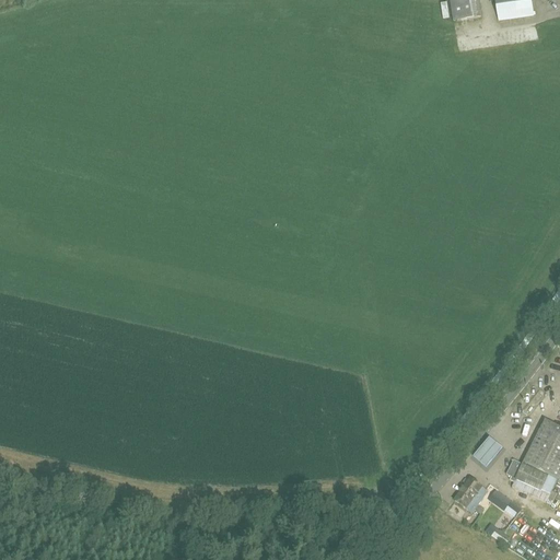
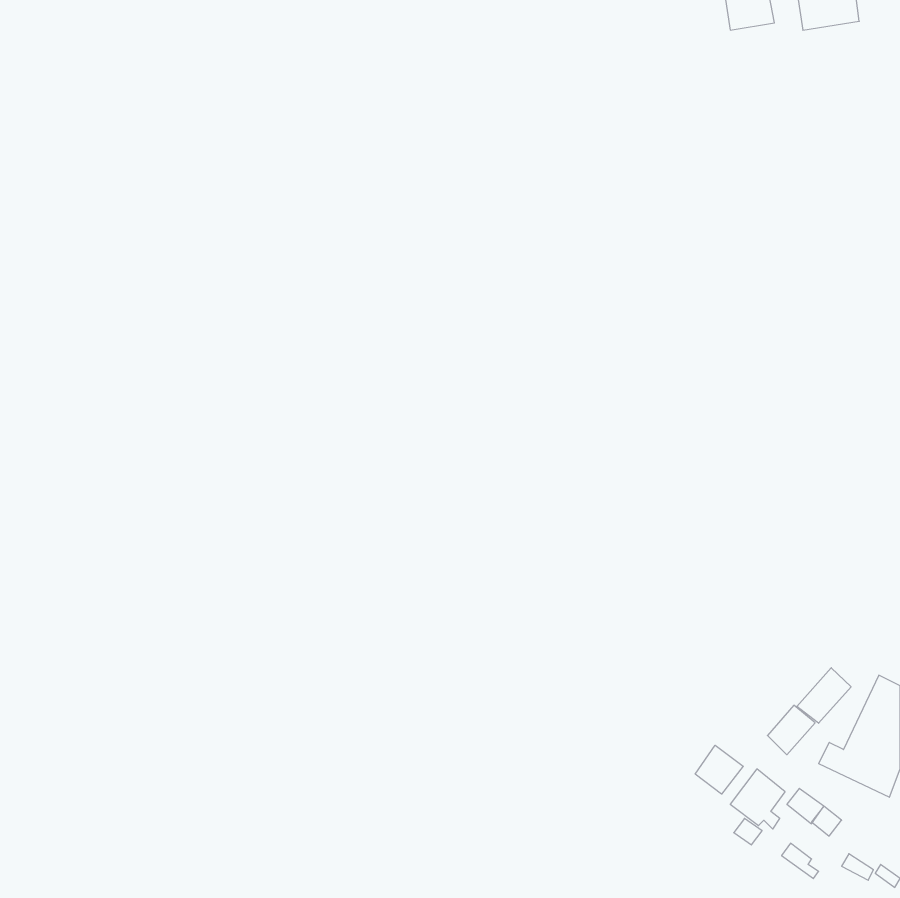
building: none -> [797,668,851,723]
building: none -> [695,745,743,794]

